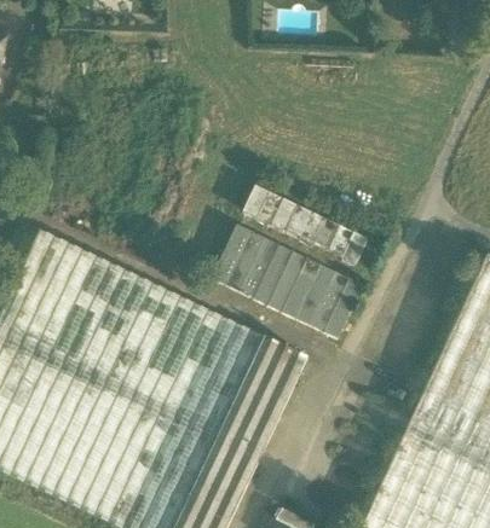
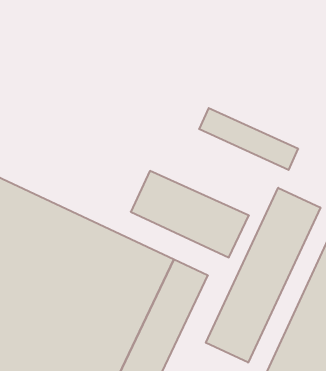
building: [243,185,369,263] -> [199,108,298,170]
building: none -> [206,188,320,363]

